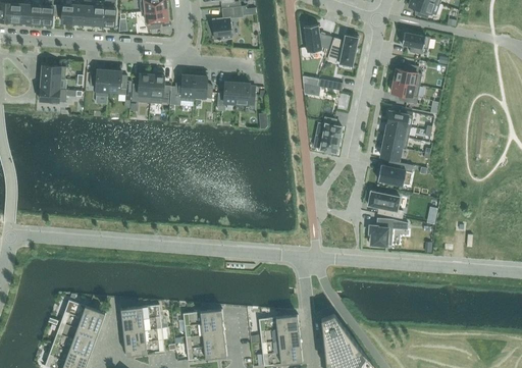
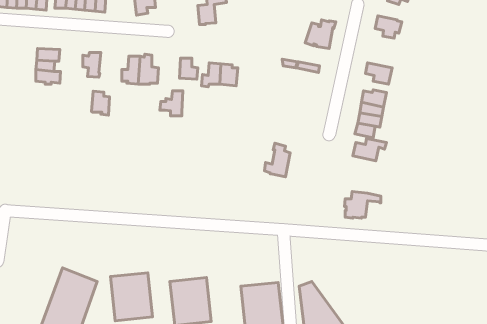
building: [303,25,331,53] -> none
building: [393,65,421,87] -> none
building: [107,70,126,96] -> [91,91,110,115]
building: [169,75,194,102] -> [160,91,183,116]
building: [313,117,341,153] -> [264,143,290,177]
building: [367,192,403,219] -> none

